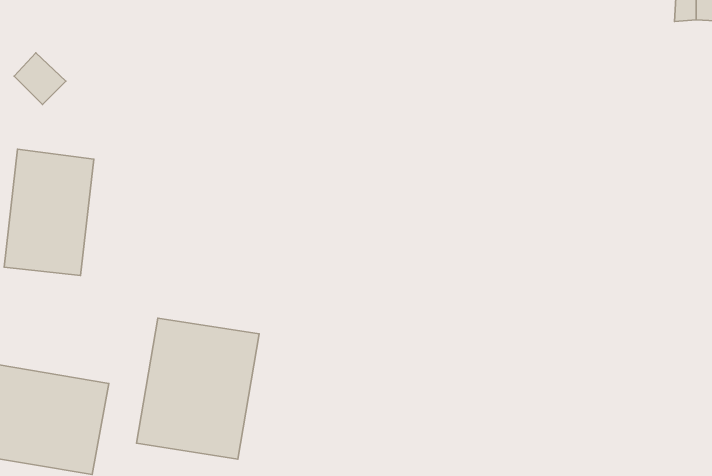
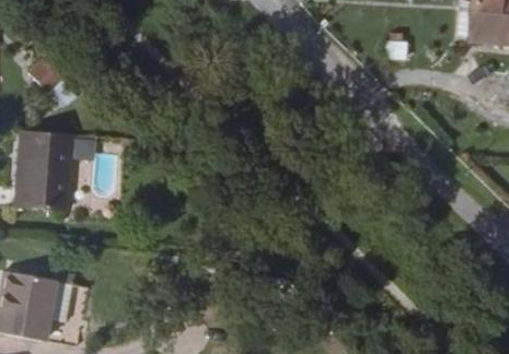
building: [137,318,259,459] -> none

